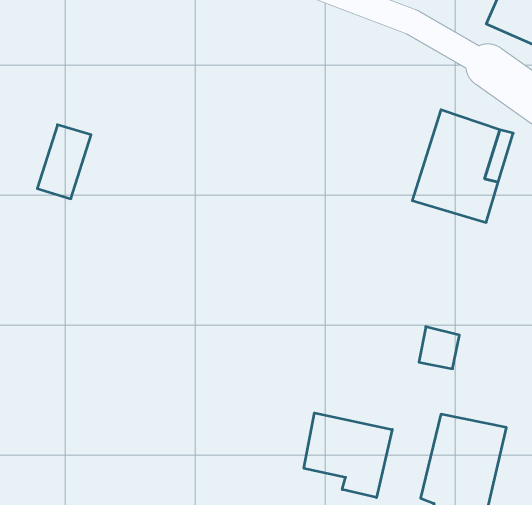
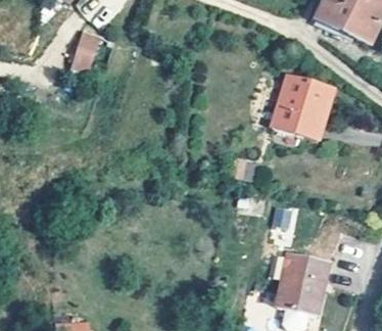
building: [37,125,91,199] -> [73,28,105,73]
building: [304,413,392,498] -> none

